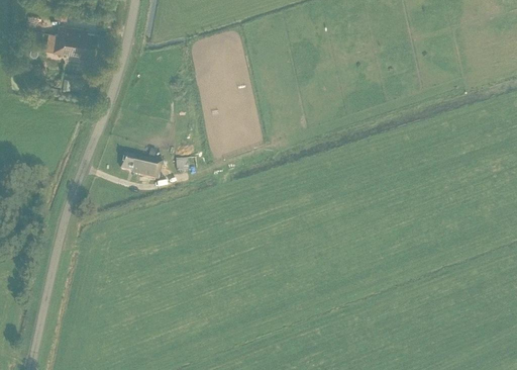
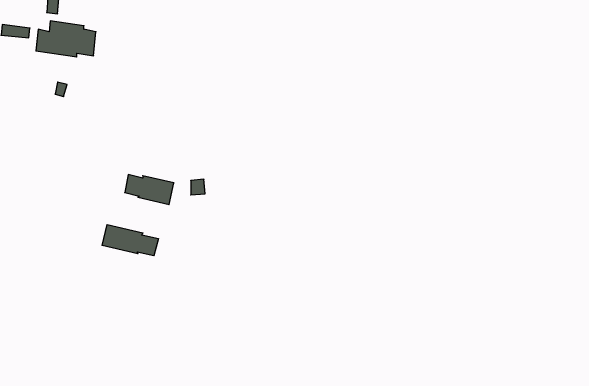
building: none -> [102,225,158,256]

